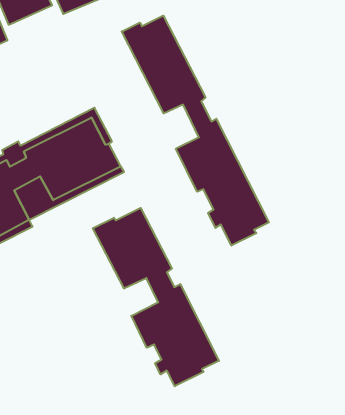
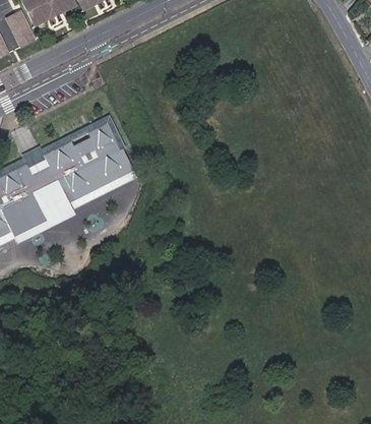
building: [122,16,269,246] -> none
building: [93,208,219,386] -> none

